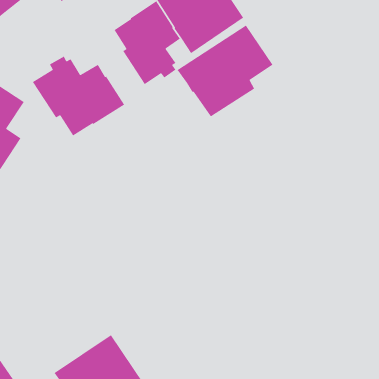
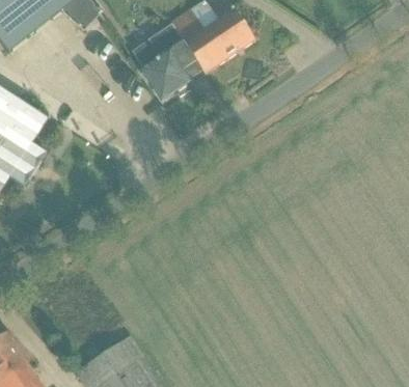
building: [176,24,274,117] -> none
building: [32,55,125,136] -> none

